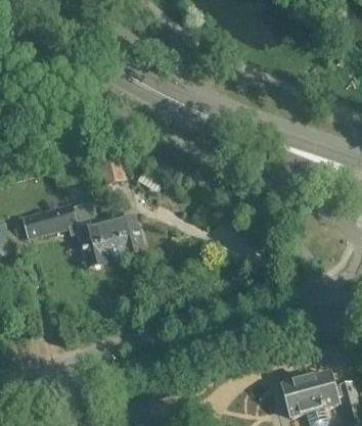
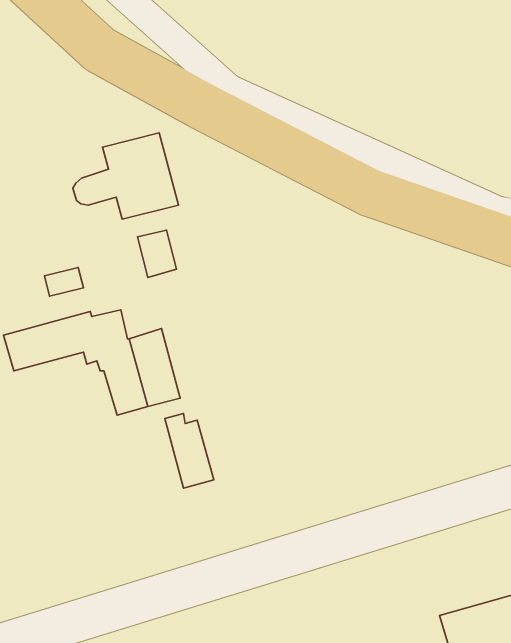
building: none -> [73,133,179,219]
building: [116,210,145,255] -> [165,413,214,488]

